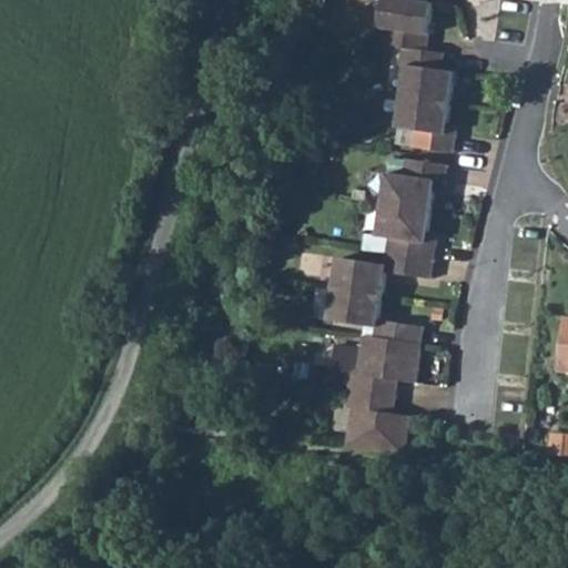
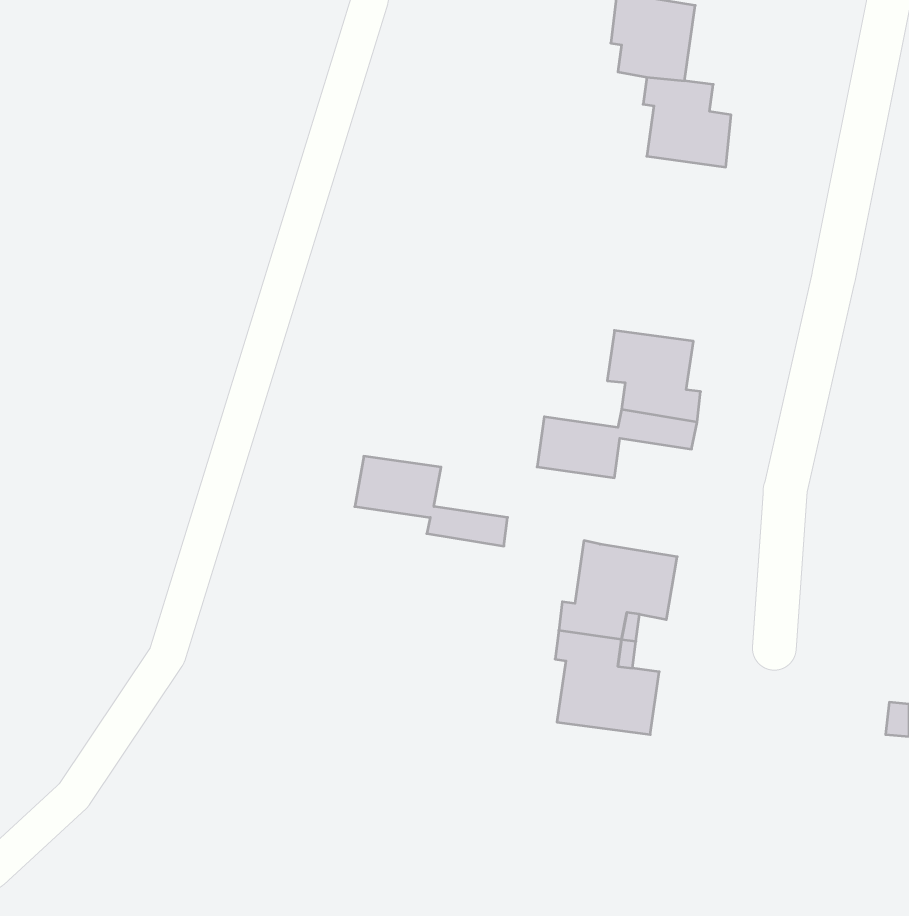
building: [395,97,453,152] -> none
building: [379,159,445,211] -> none
building: [326,288,420,344] -> [355,456,508,546]

